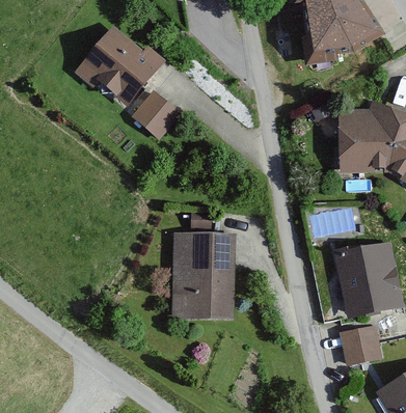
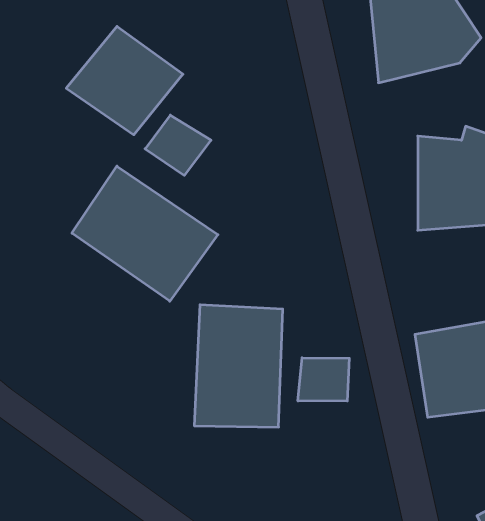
building: none -> [72,166,218,301]
building: none -> [298,358,349,401]
building: [339,326,380,362] -> none

